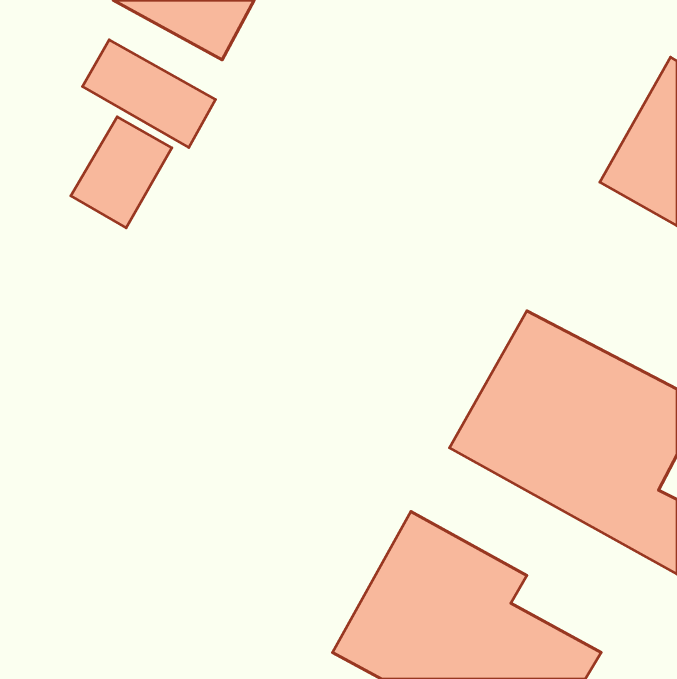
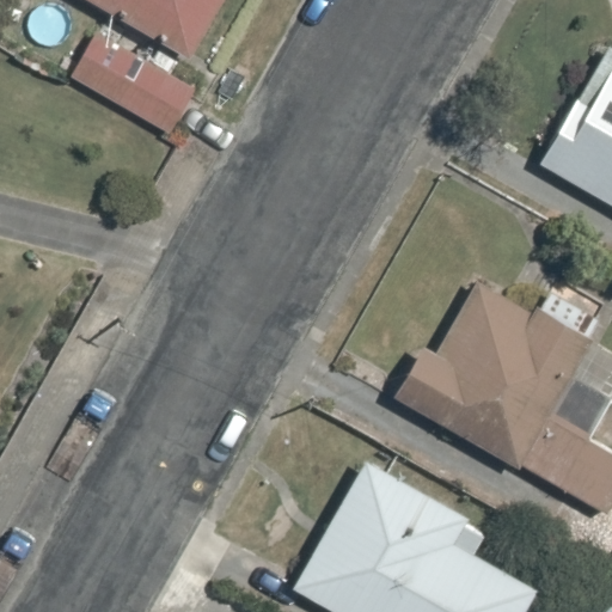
building: [71,117,172,228] -> none

